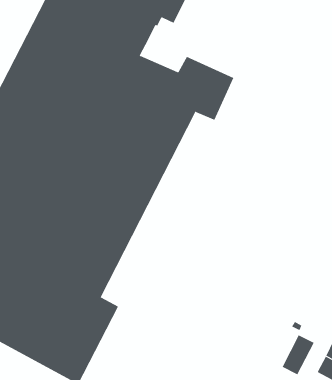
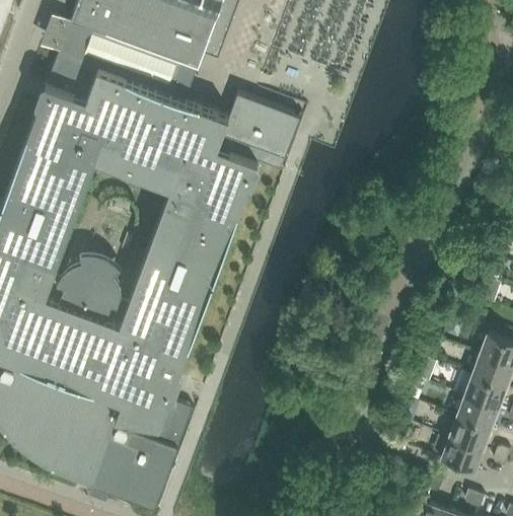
building: [282,334,314,375] -> none

